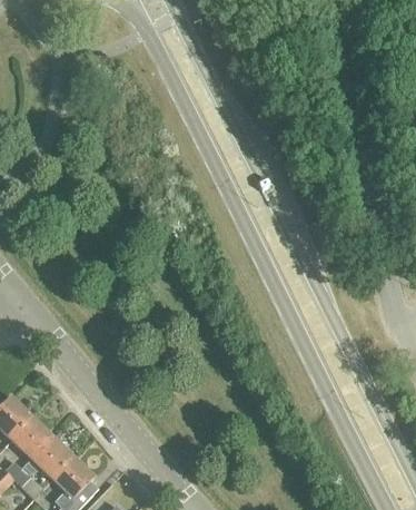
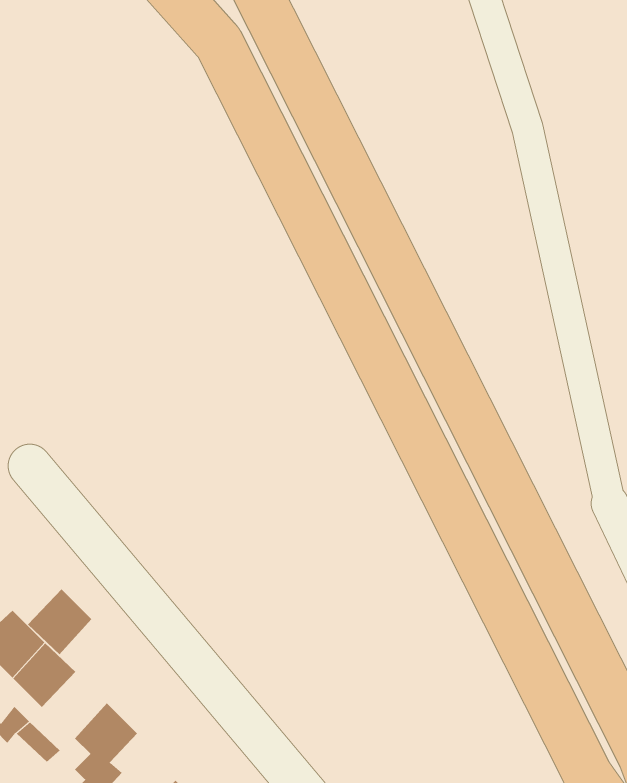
building: [32,437,75,480] -> [27,588,92,655]

